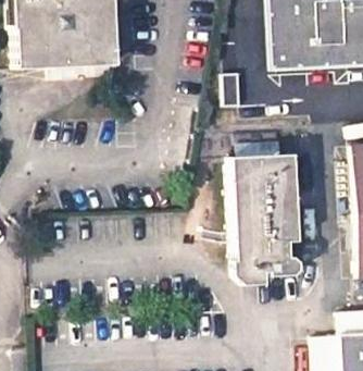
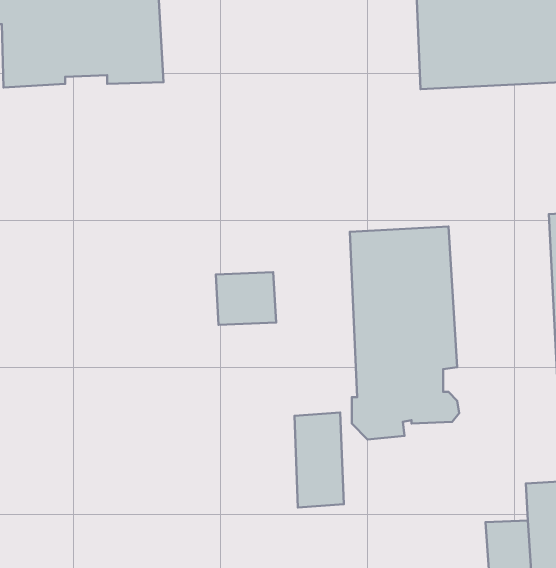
building: none -> [216,272,276,325]
building: none -> [294,413,344,507]

